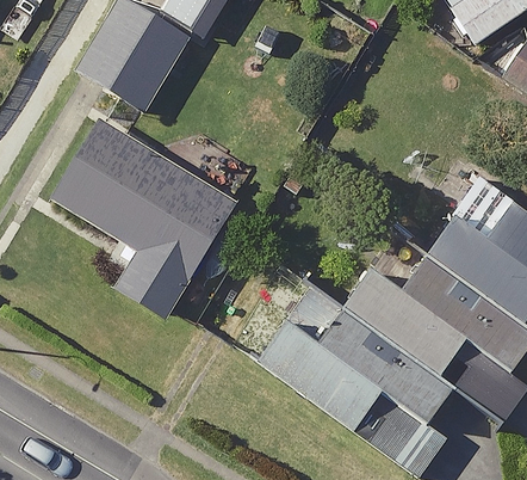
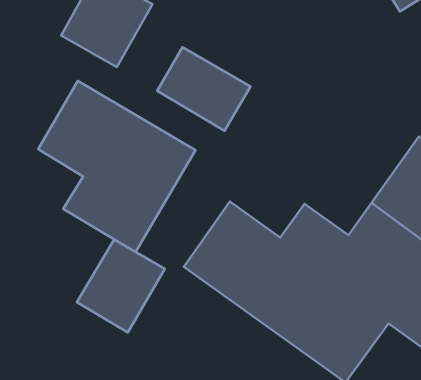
building: none -> [157,47,250,131]
building: none -> [77,240,165,332]

